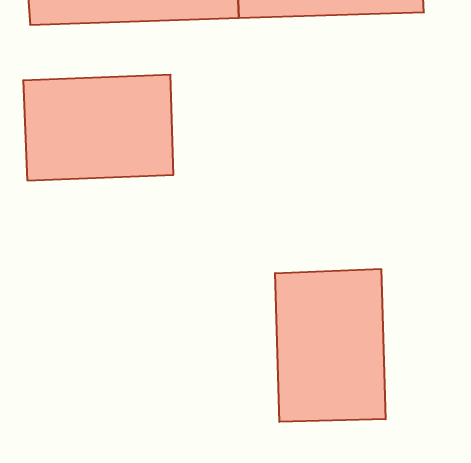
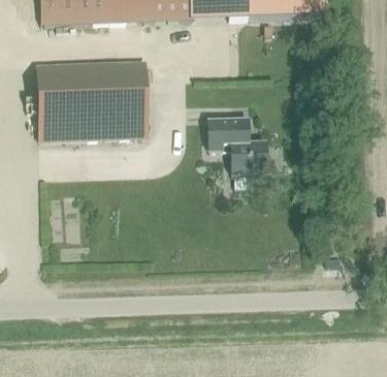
building: none -> [207,118,266,174]
building: [275,269,386,422] -> none

